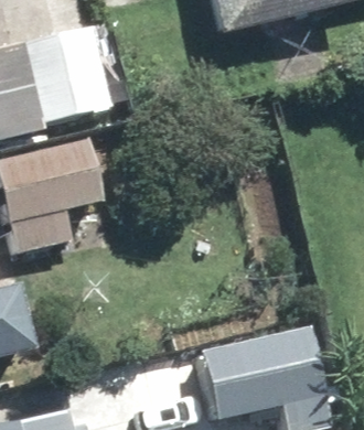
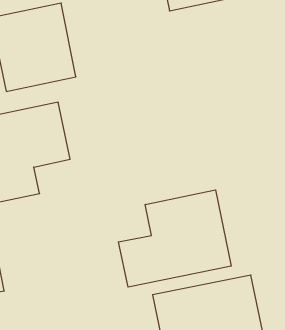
building: none -> [118,190,231,287]

